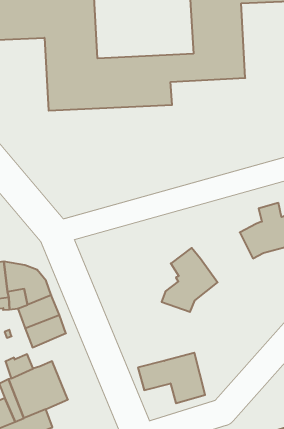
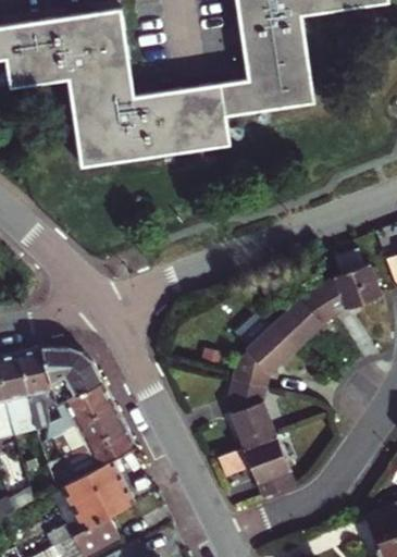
building: none -> [275,286,337,348]
building: none -> [231,377,278,447]
building: none -> [86,425,135,468]

